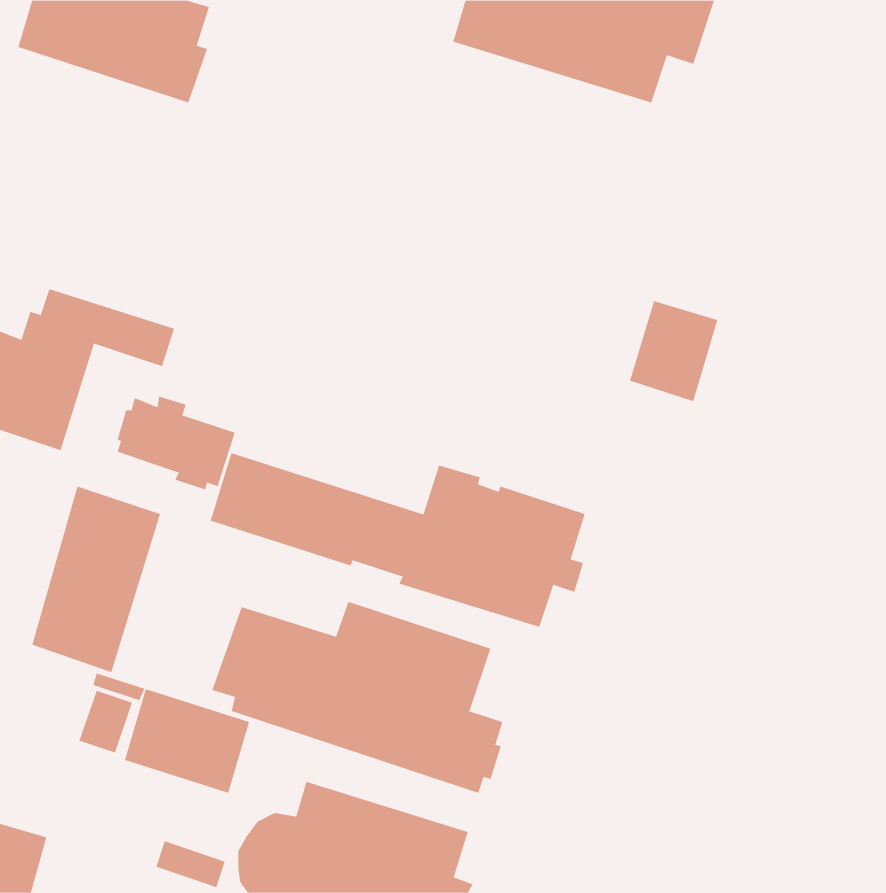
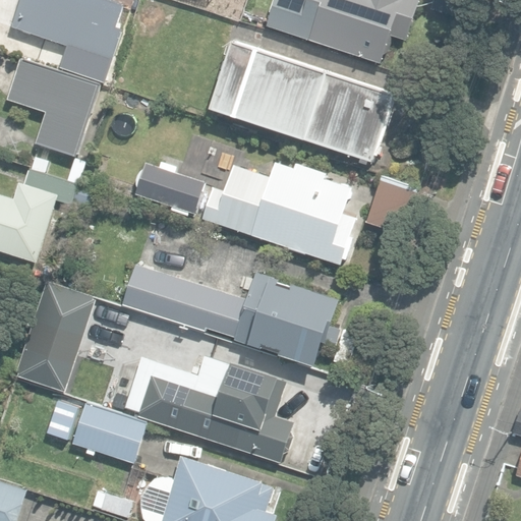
building: none -> [210,41,394,162]
building: none -> [7,59,100,158]
building: none -> [199,158,358,266]
building: [117,396,236,490] -> [134,161,204,216]

